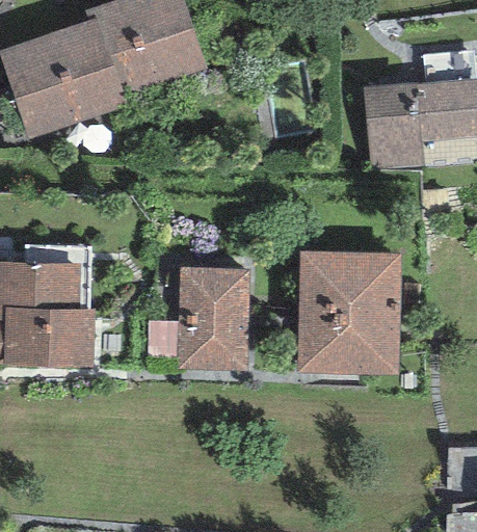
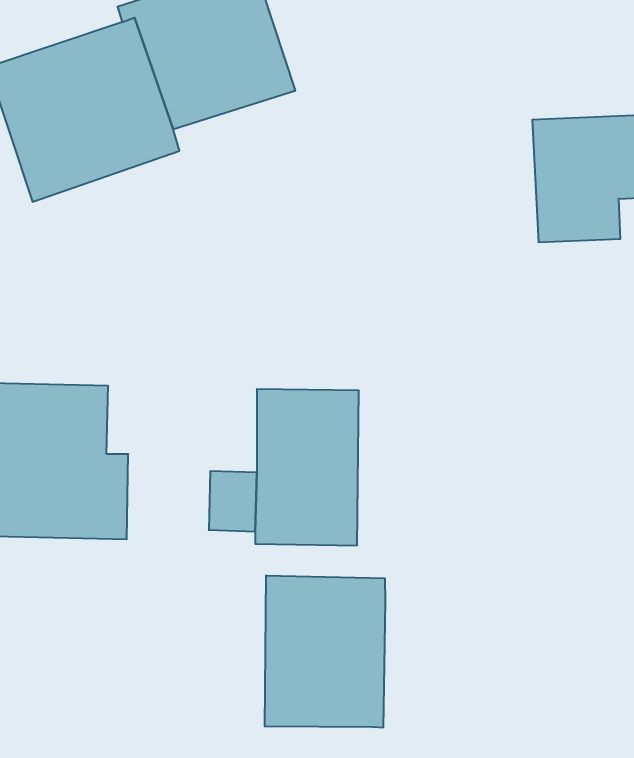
building: [298,250,401,374] -> none
building: none -> [265,575,385,728]

